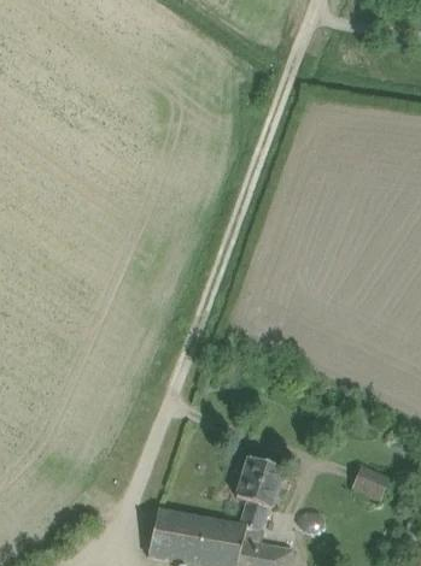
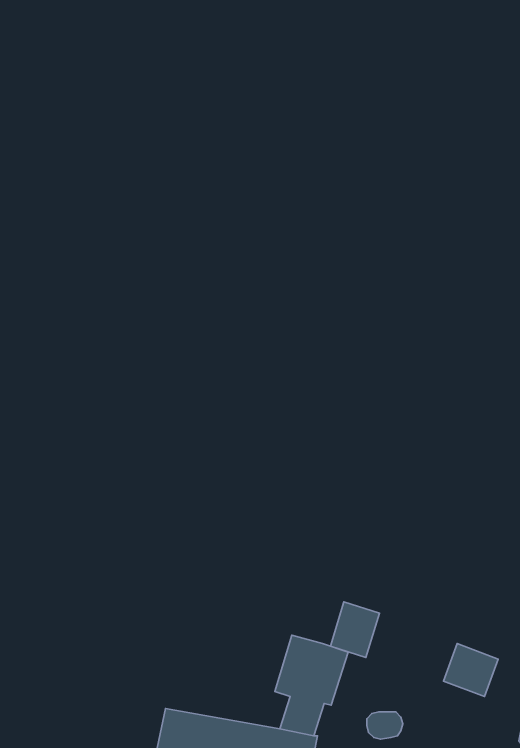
building: none -> [330,602,379,657]

